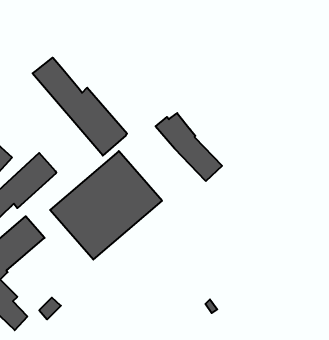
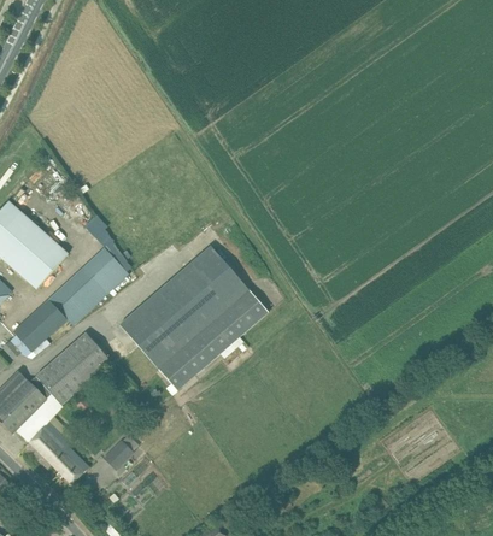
building: [33,58,127,156] -> none
building: [156,113,222,181] -> none

